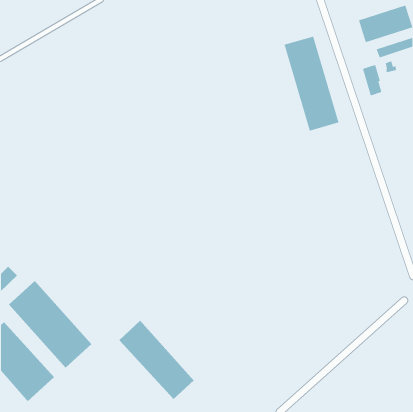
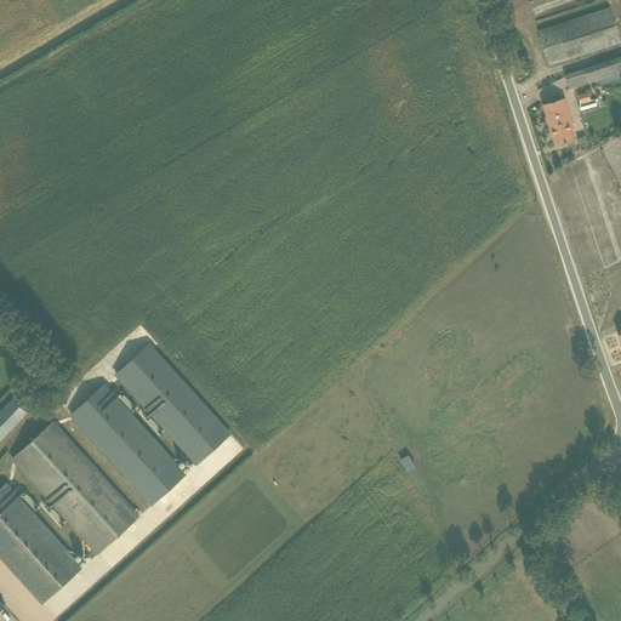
building: [284,36,339,131] -> none
building: none -> [115,343,230,463]
building: [118,320,194,400] -> [70,383,184,503]

